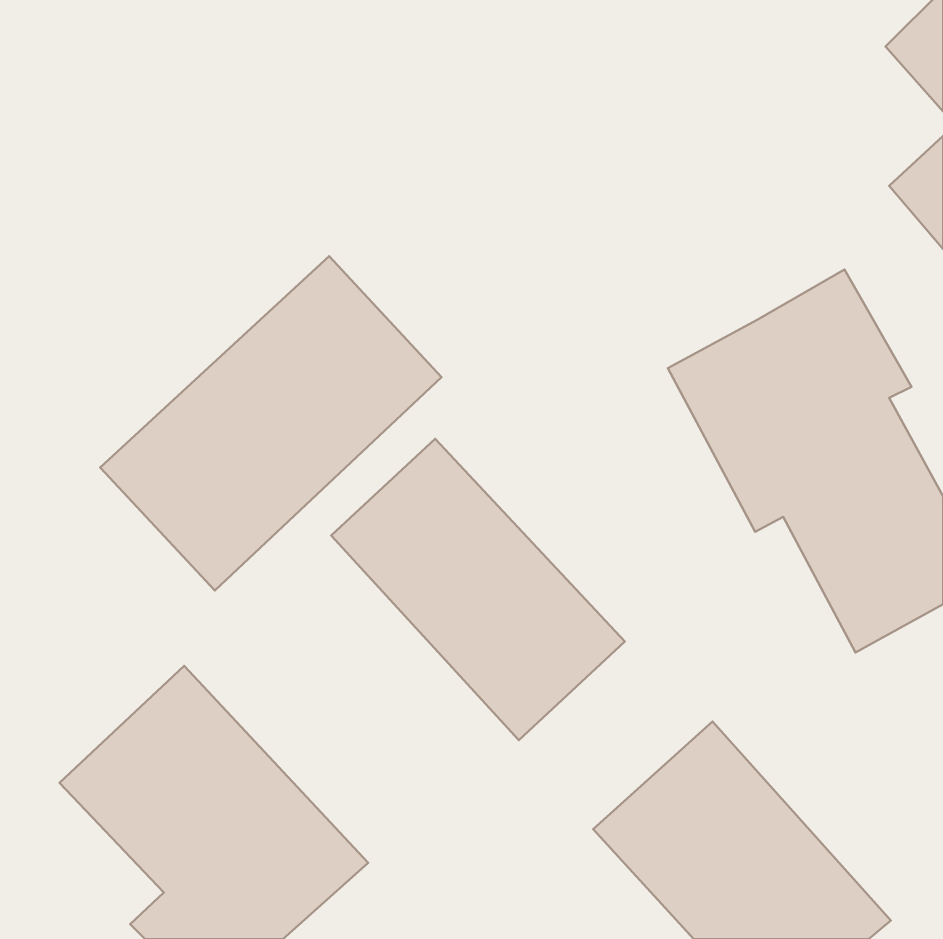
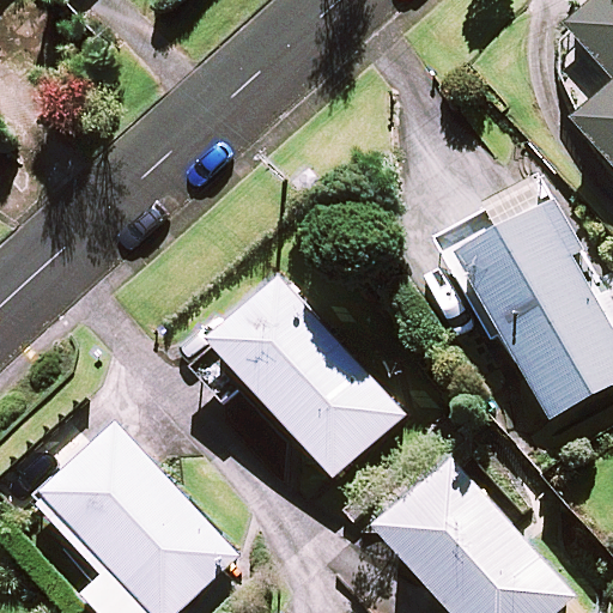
building: [100,256,441,591] -> none

